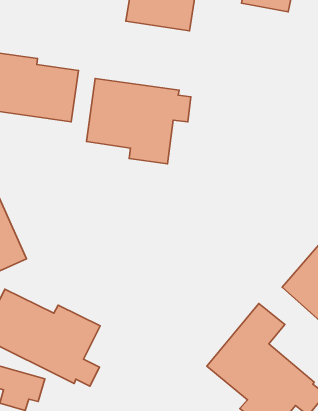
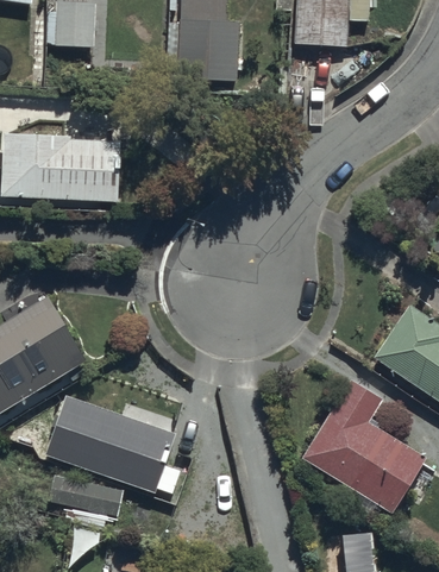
building: [86,79,191,164] -> none

